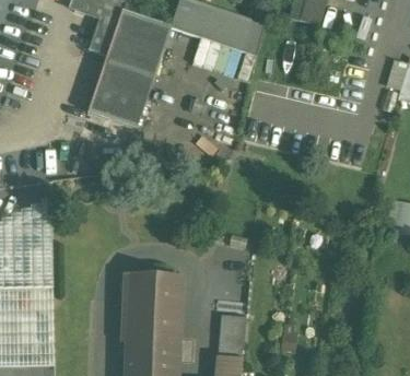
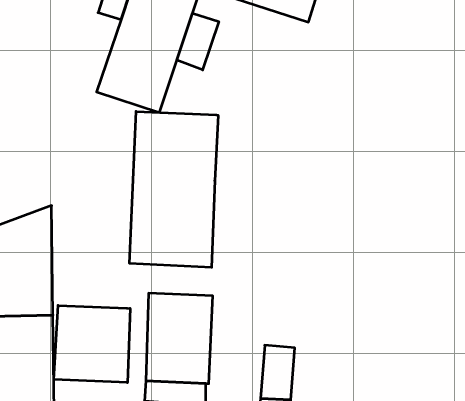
building: none -> [177,13,219,70]
building: none -> [130,111,218,267]
building: none -> [54,305,130,383]

